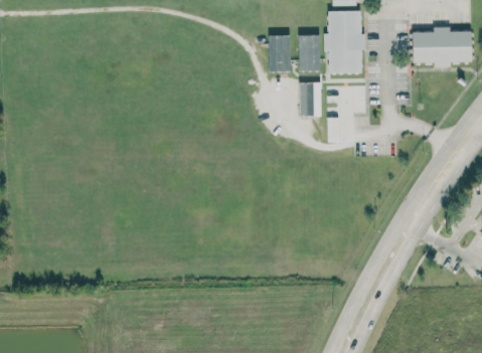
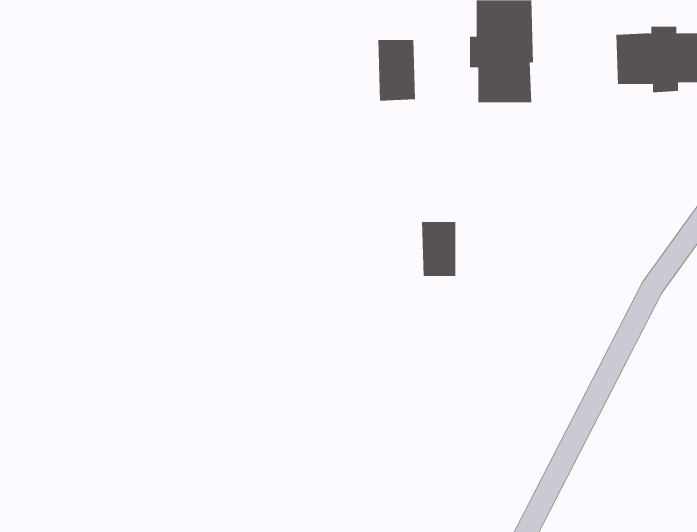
building: [299,35,321,71] -> none
building: [300,82,321,116] -> [421,221,456,276]

